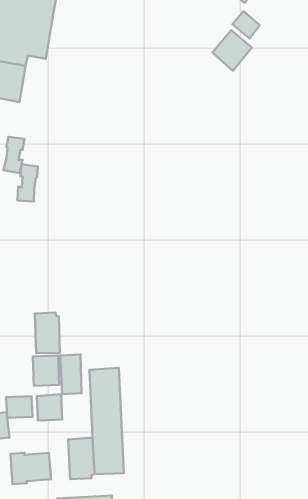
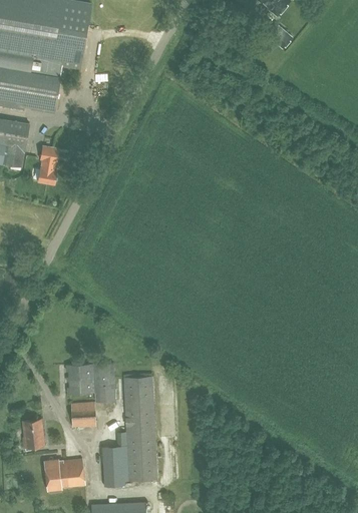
building: [213,30,252,71] -> none
building: [17,164,38,202] -> none
building: [35,313,60,353] -> none
building: [6,396,32,418] -> none

